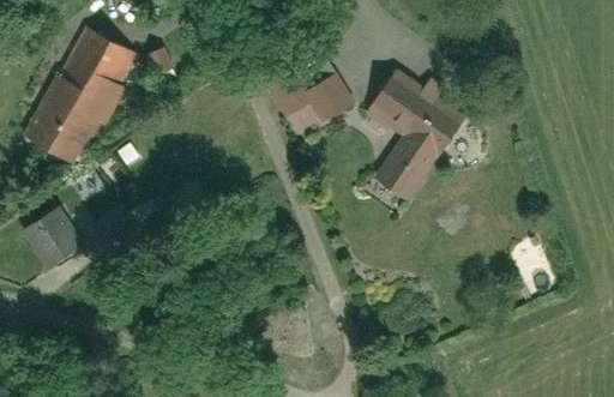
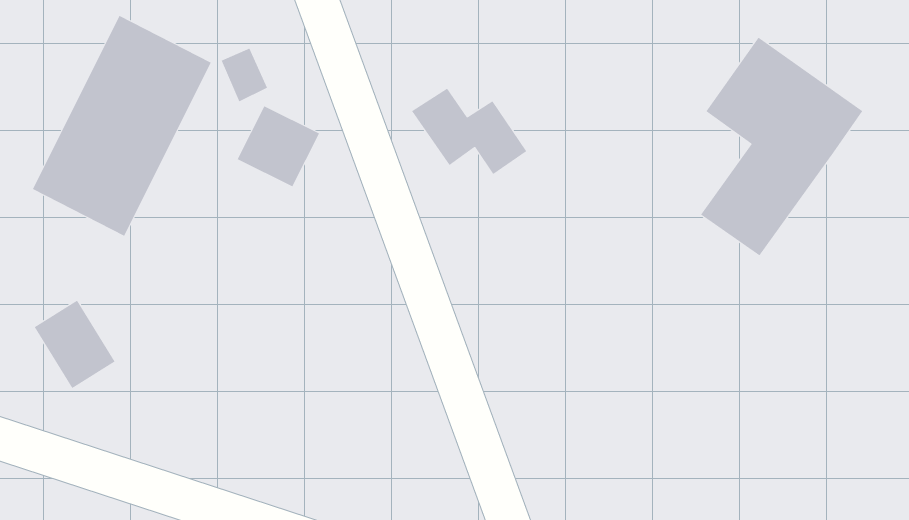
building: [368,66,476,211] -> [700,37,863,256]
building: none -> [237,105,320,187]

